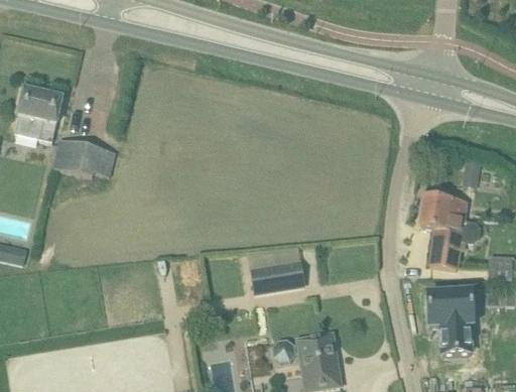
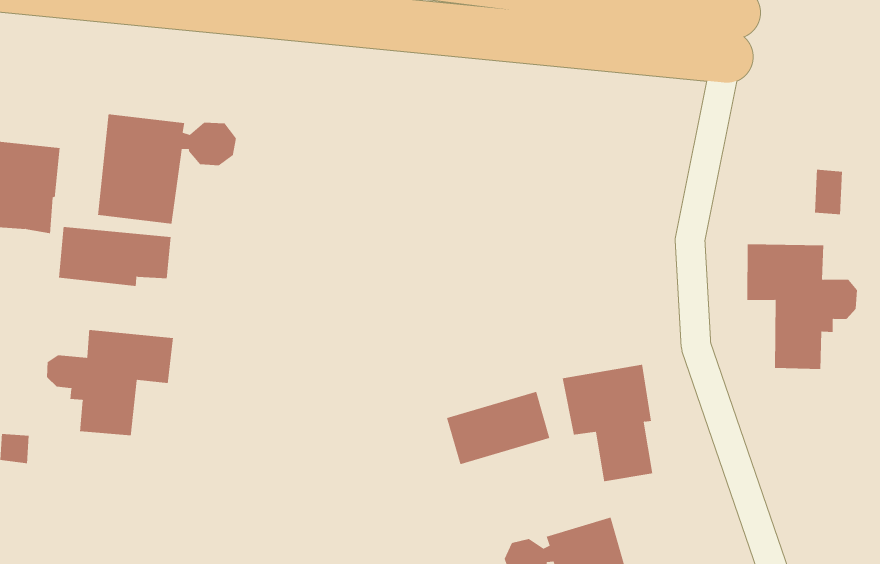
building: none -> [97,113,236,225]
building: none -> [47,329,173,436]
building: [427,289,473,350] -> [562,364,653,482]

